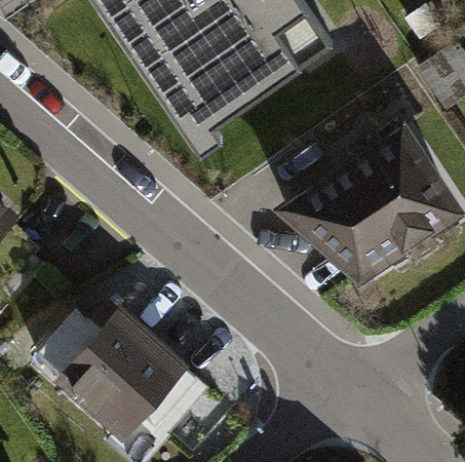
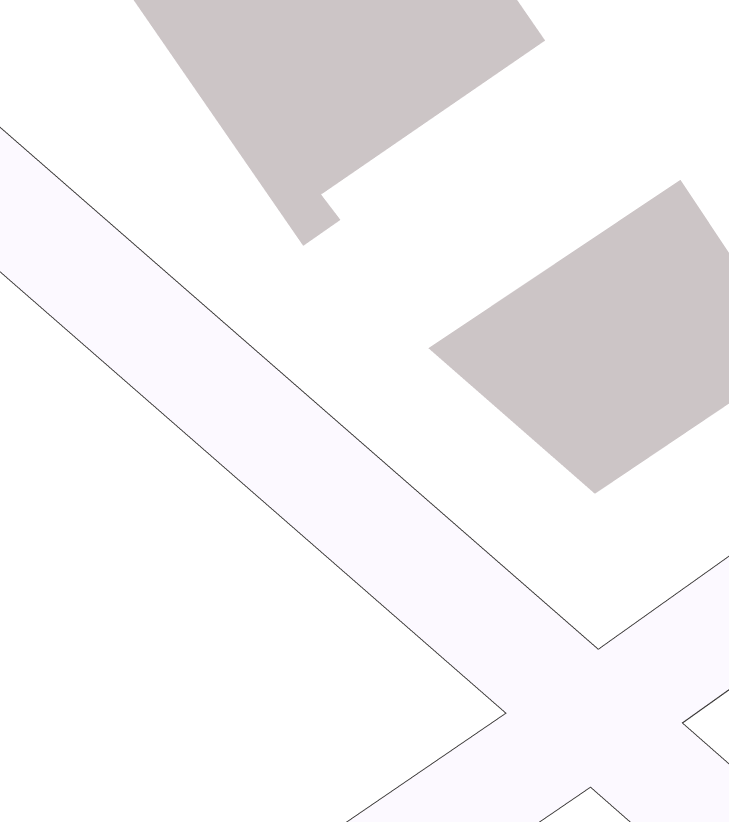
building: [49,301,202,446] -> none

